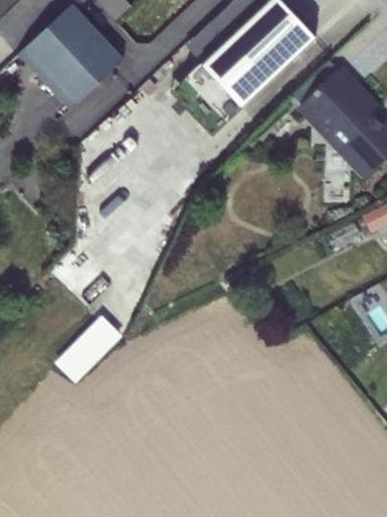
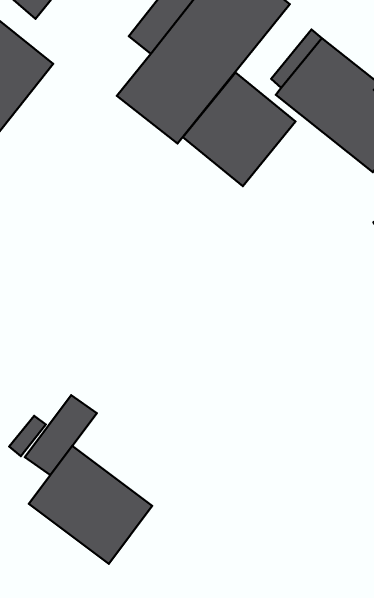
building: none -> [183,73,296,186]
building: none -> [29,446,152,564]

